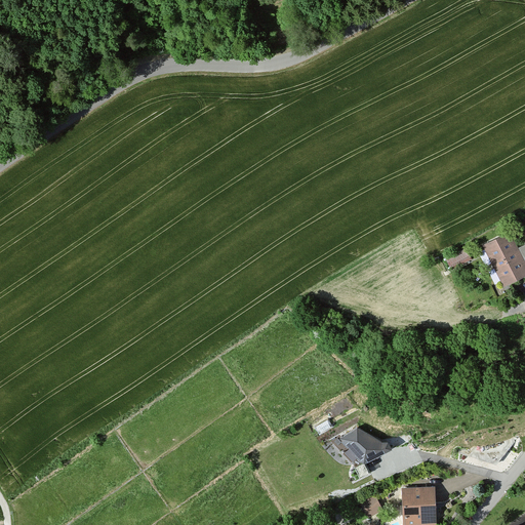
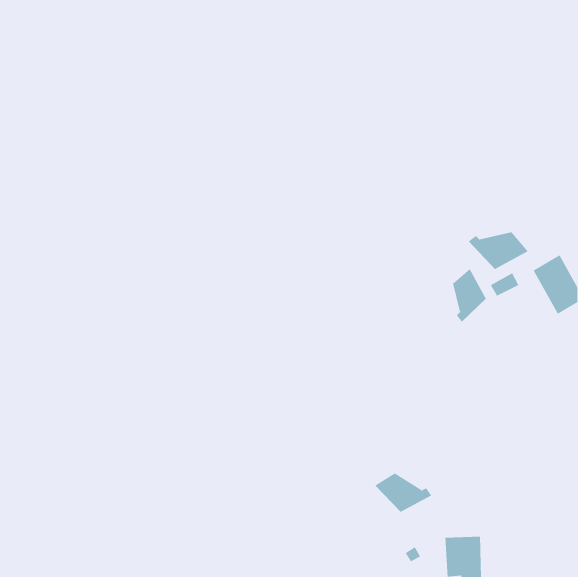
building: none -> [468,231,529,270]
building: none -> [453,268,486,322]

